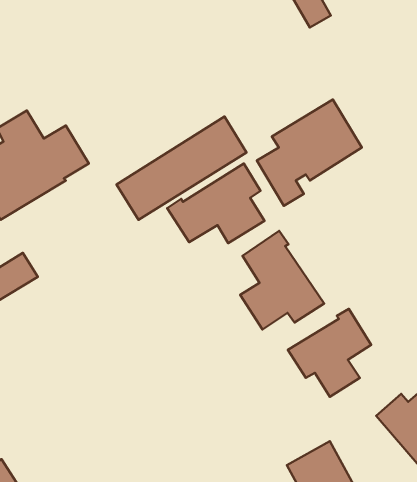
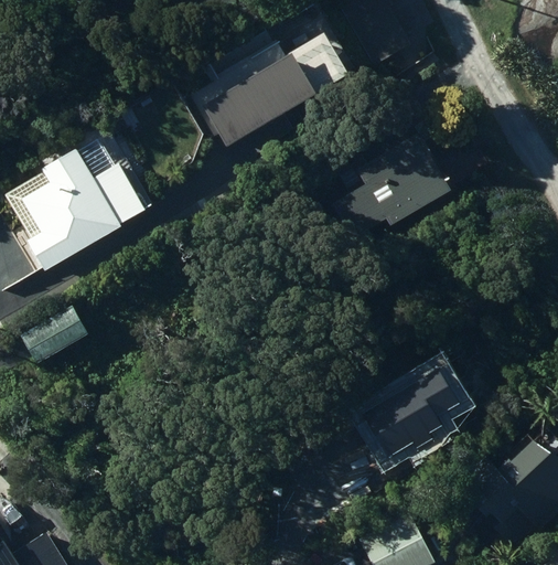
building: [117,117,247,220] -> [200,33,343,147]
building: [167,163,265,243] -> none
building: [240,231,324,329] -> none

